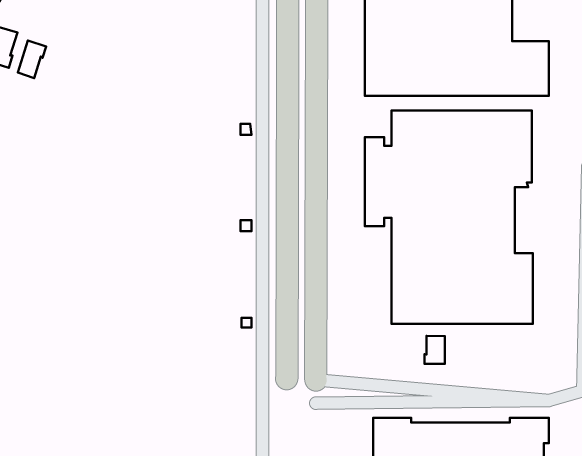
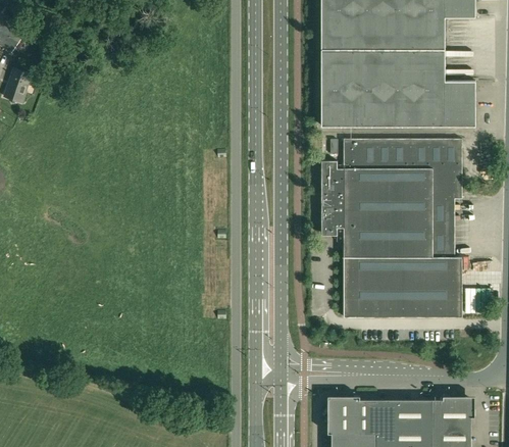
building: [18,41,46,78] -> none
building: [424,336,445,364] -> none

